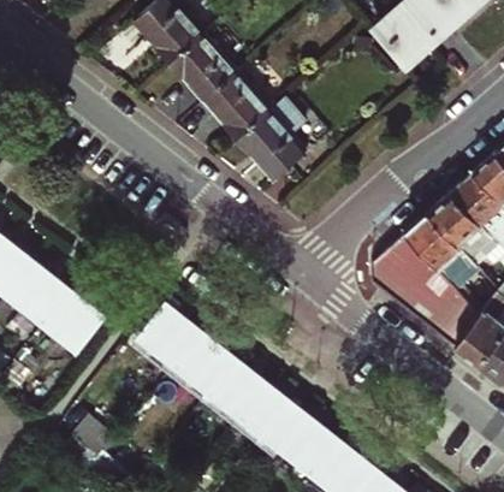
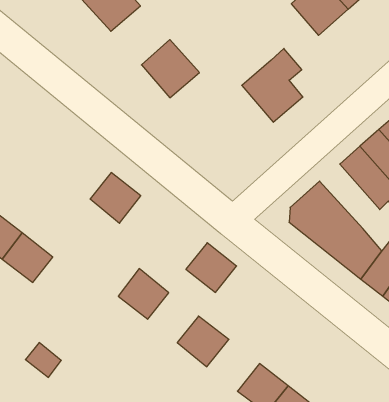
building: [168,32,236,100] -> none
building: [236,95,306,179] -> [242,48,303,122]
building: [407,213,478,286] -> none
building: [143,306,201,363] -> [90,173,141,223]
building: [211,360,268,416] -> [186,243,237,292]
building: [278,413,338,472] -> none

